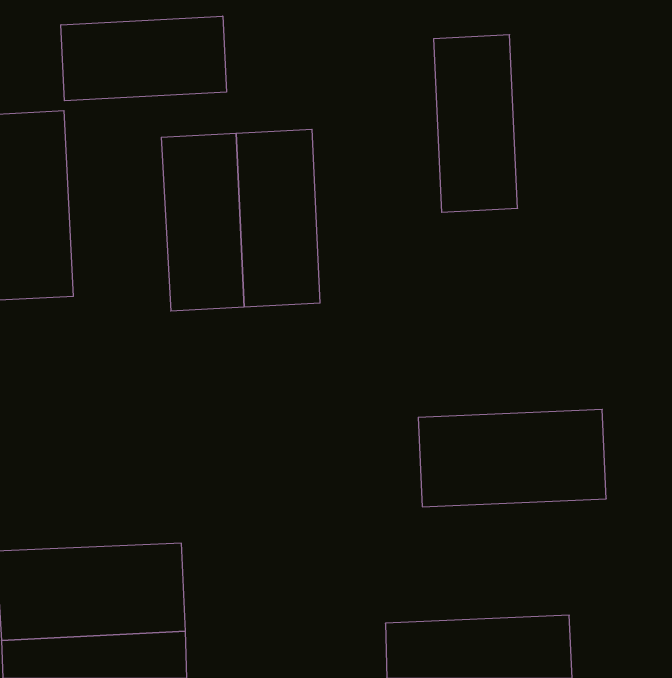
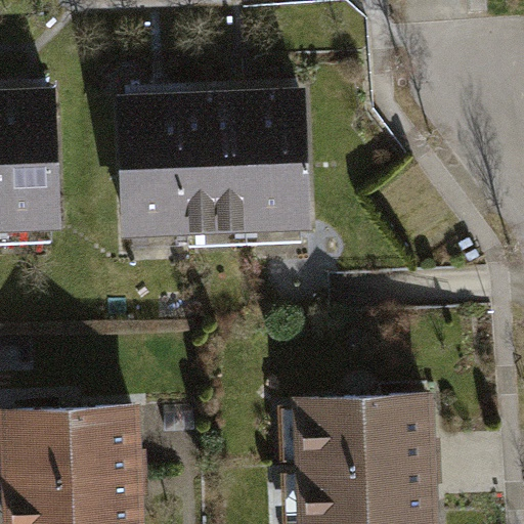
building: [61,16,226,101] -> none
building: [434,35,518,212] -> [239,96,304,232]
building: [418,409,606,507] -> [293,403,437,478]

